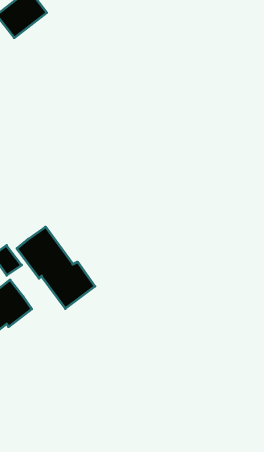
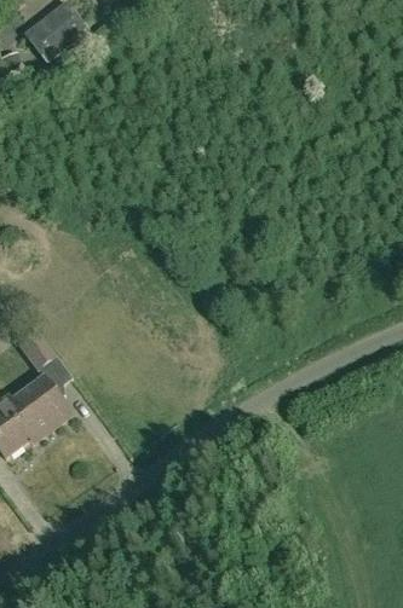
building: [17,227,95,309] -> none

